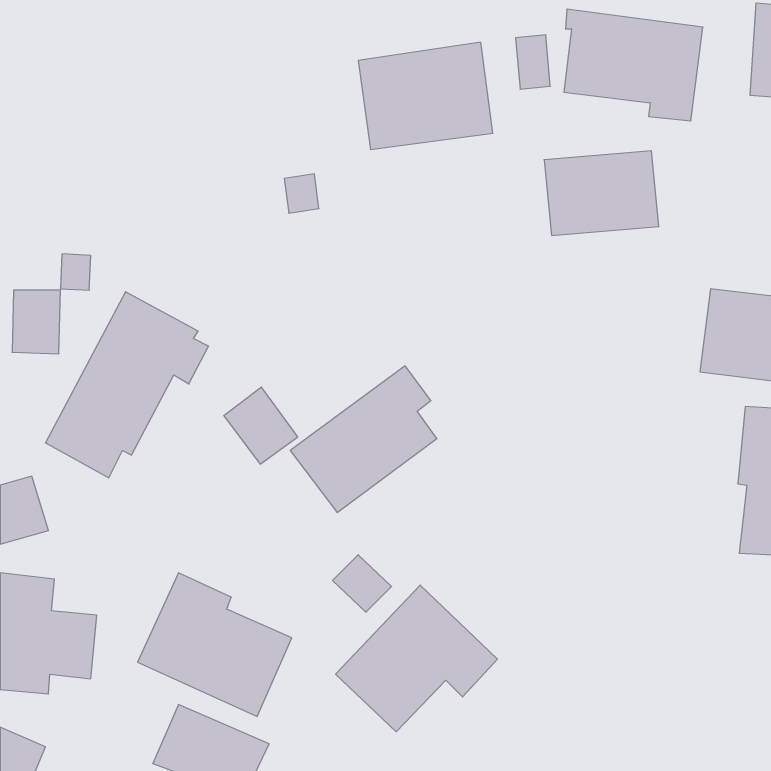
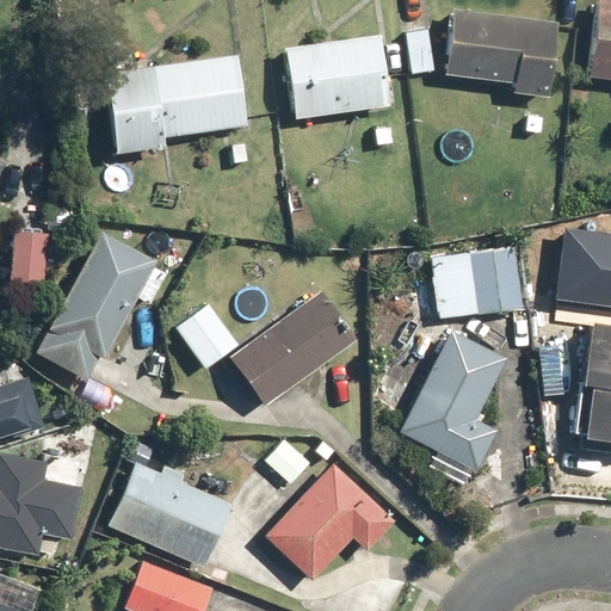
building: none -> [107,57,246,153]
building: [544,151,659,235] -> [432,248,523,315]
building: none -> [402,331,505,468]

